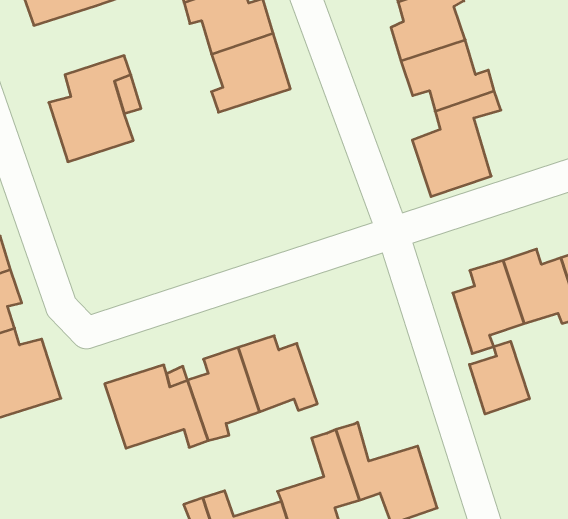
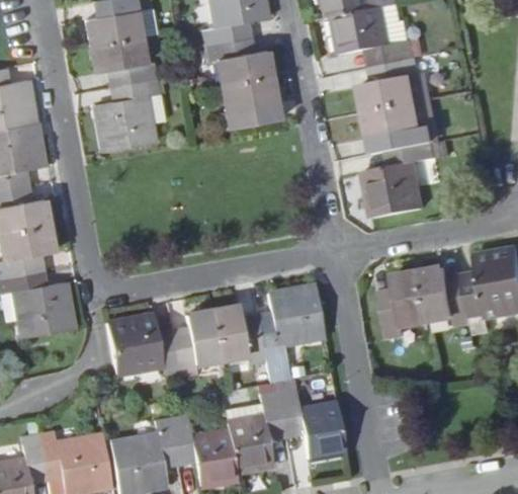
building: none -> [91,37,156,86]
building: none -> [255,284,323,384]
building: [469,341,529,414] -> none

